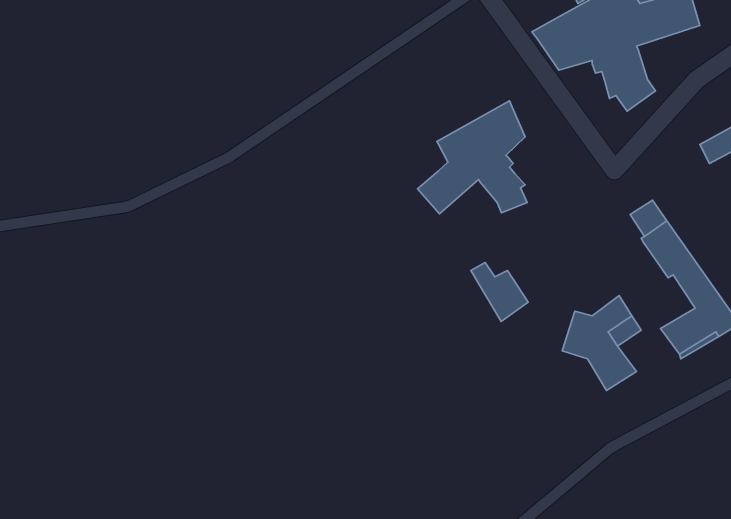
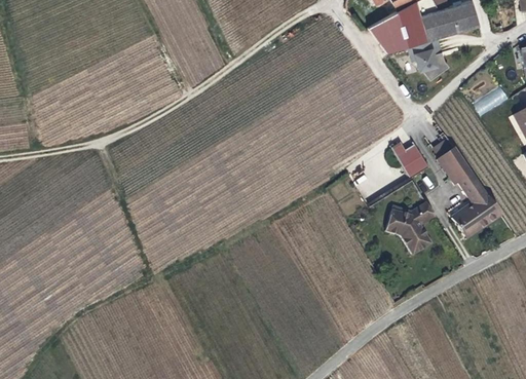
building: [418,101,527,214] -> none
building: [471,263,528,321] -> [393,142,430,180]

